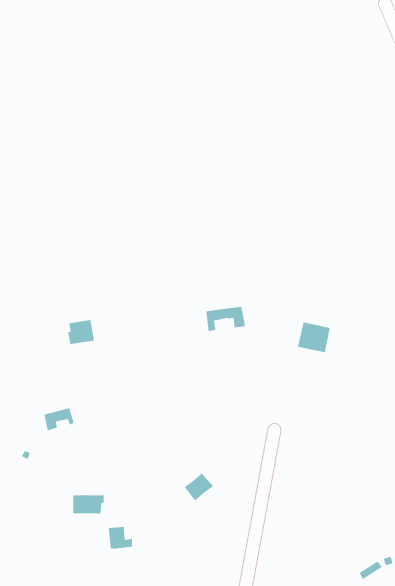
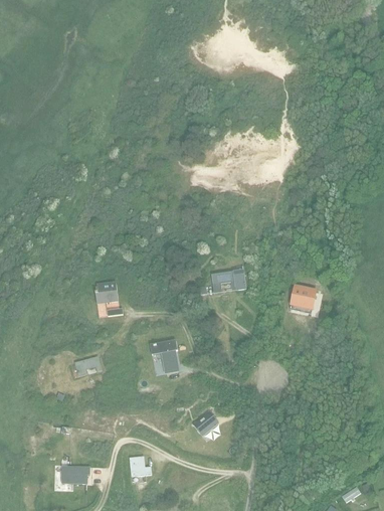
building: none -> [149,339,177,372]
building: [72,495,105,514] -> [61,467,88,483]

